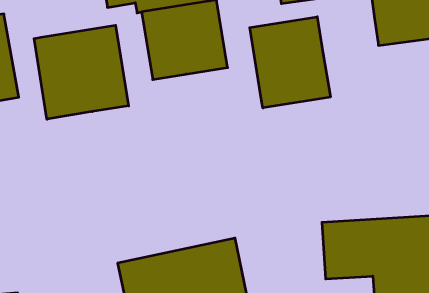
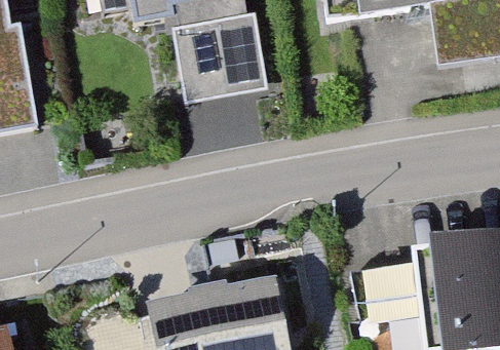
building: [250,17,330,108] -> none
building: [34,25,129,119] -> none

